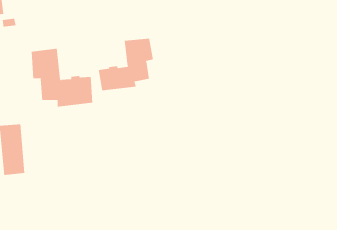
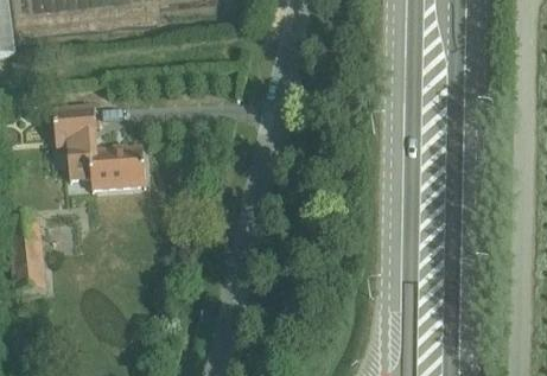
building: [98,38,153,91] -> none

